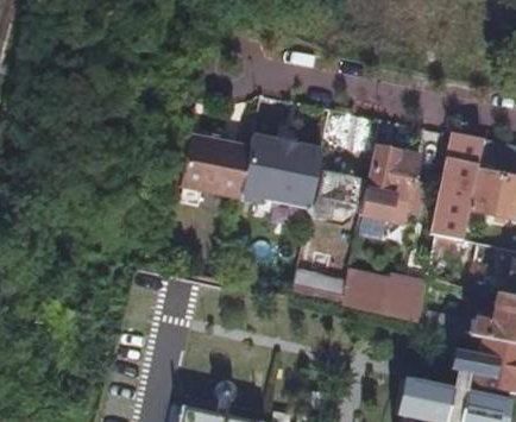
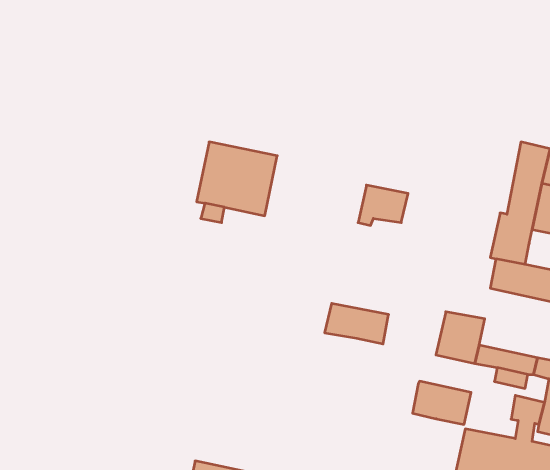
building: [240,134,322,207] -> none
building: [360,144,420,222] -> none
building: [341,278,391,315] -> [413,381,471,424]

